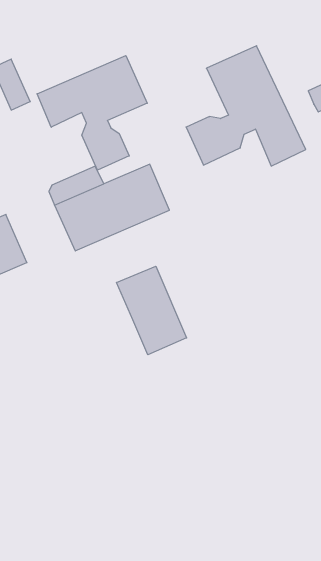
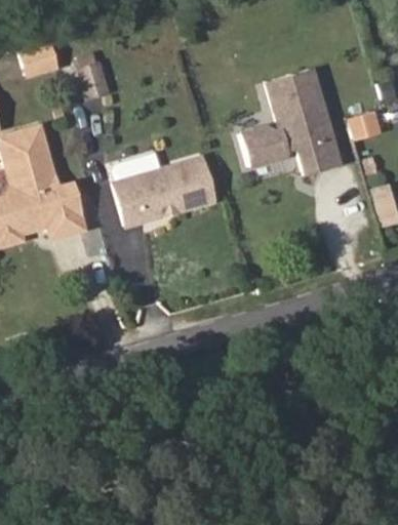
building: [37,56,147,170] -> none
building: [117,266,187,355] -> none

